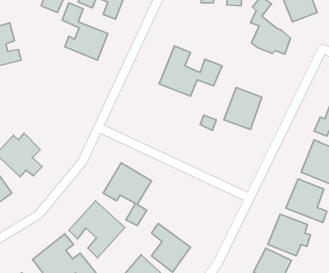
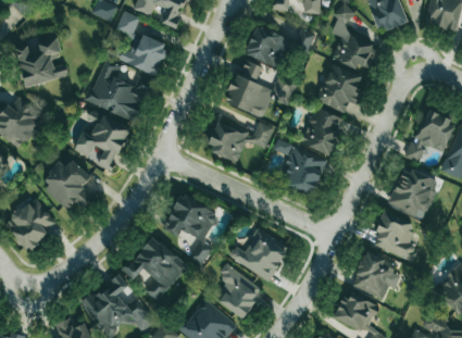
building: none -> [245,26,314,70]
building: none -> [86,62,151,122]
building: none -> [316,64,363,112]
building: none -> [73,111,129,171]
building: none -> [207,122,273,162]
building: none -> [280,148,326,195]
building: none -> [227,229,288,280]

